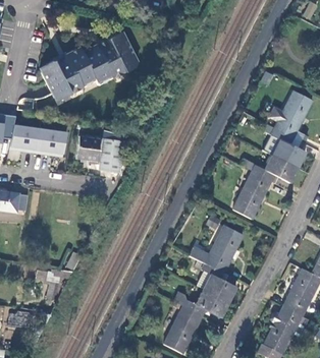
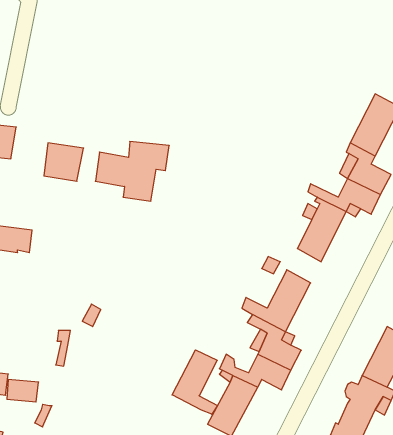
building: [42,27,140,108] -> none
building: [9,124,40,153] -> none
building: none -> [172,350,218,414]

